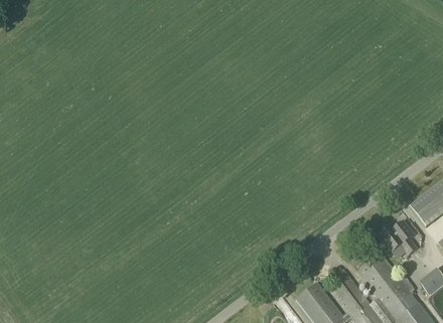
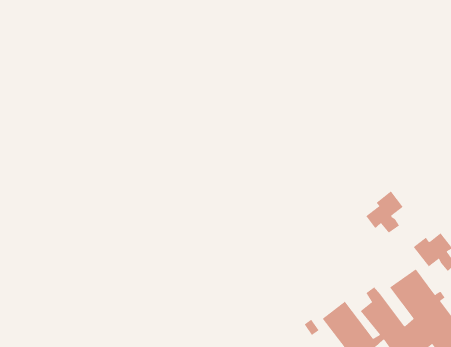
building: none -> [365,191,404,233]

